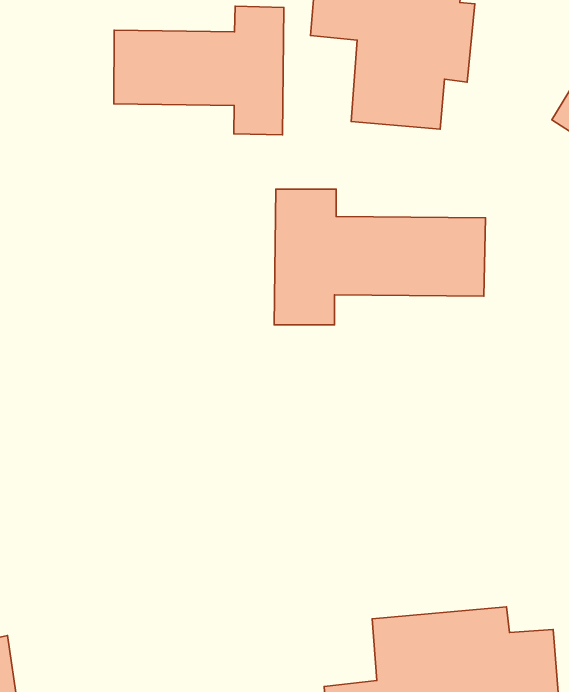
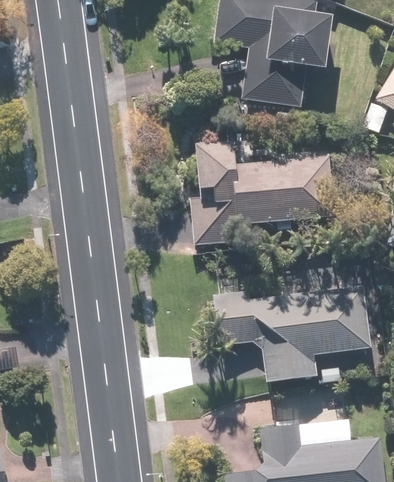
building: [114,6,284,135] -> none
building: none -> [209,287,368,382]

